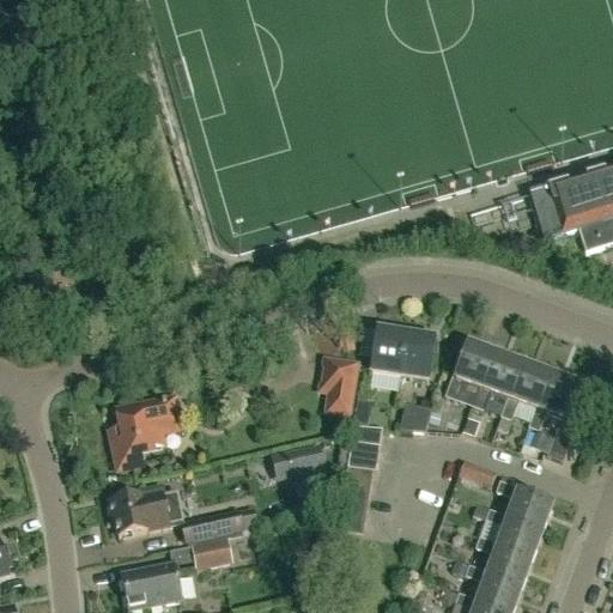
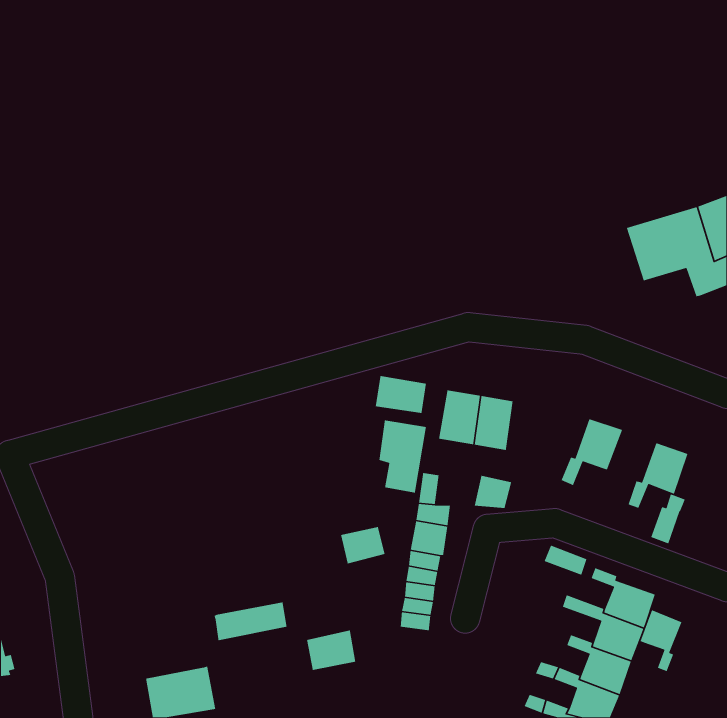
building: none -> [375,375,427,414]
building: [444,341,496,399] -> none
building: [497,362,552,426] -> none
building: [110,395,181,466] -> none
building: [108,482,182,534] -> none
building: none -> [640,609,682,672]
building: [190,534,232,569] -> [306,630,356,671]

